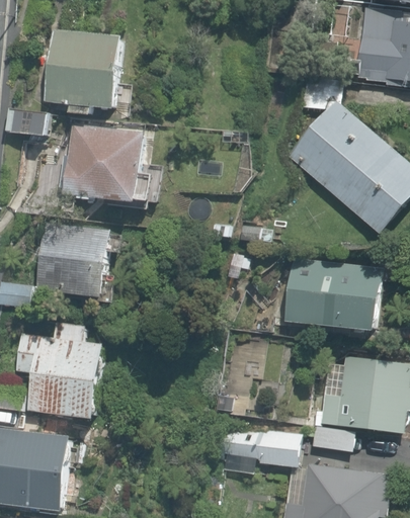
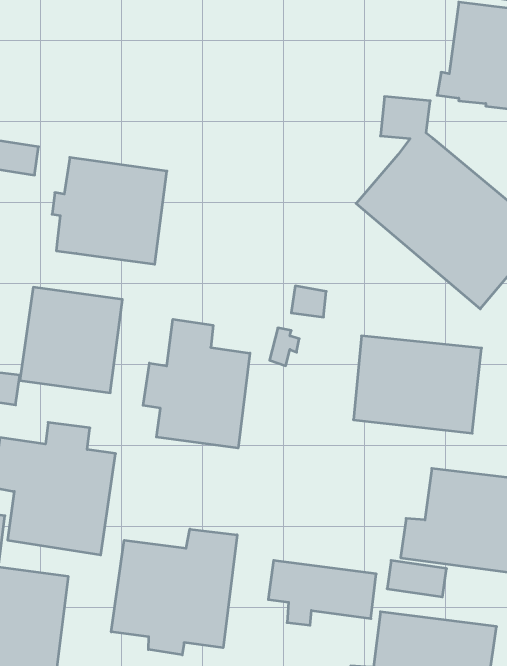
building: [44,30,125,115] -> none
building: none -> [143,319,250,448]
building: none -> [111,529,237,655]

